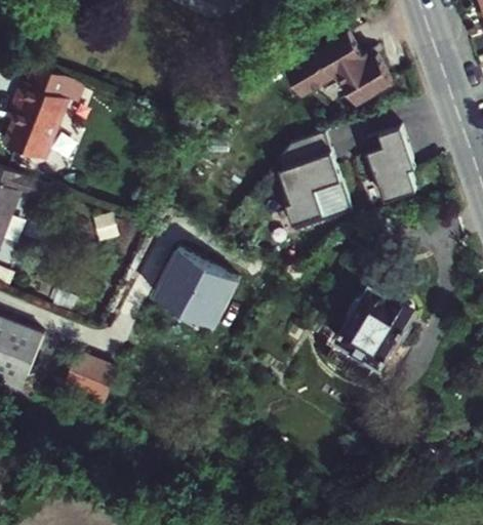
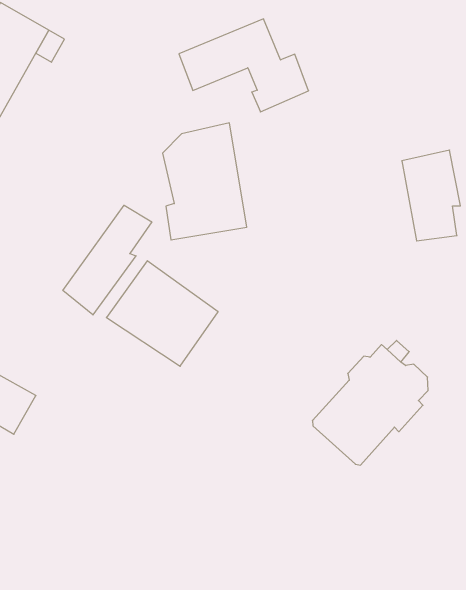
building: [287,30,393,103] -> [179,19,309,112]
building: [277,131,352,230] -> [163,123,247,240]
building: none -> [63,205,152,315]

